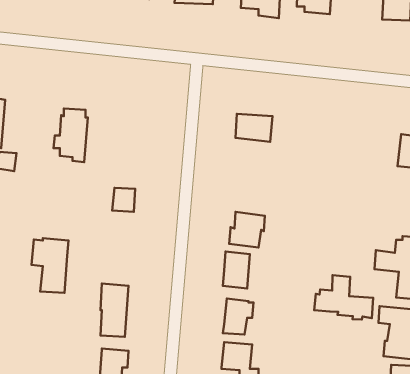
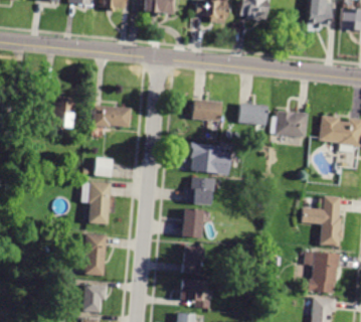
building: none -> [238,103,266,125]
building: none -> [93,105,132,127]
building: none -> [270,110,308,137]
building: none -> [184,142,227,173]
building: [31,238,68,293] -> [82,180,112,223]
building: [314,275,373,320] -> none

